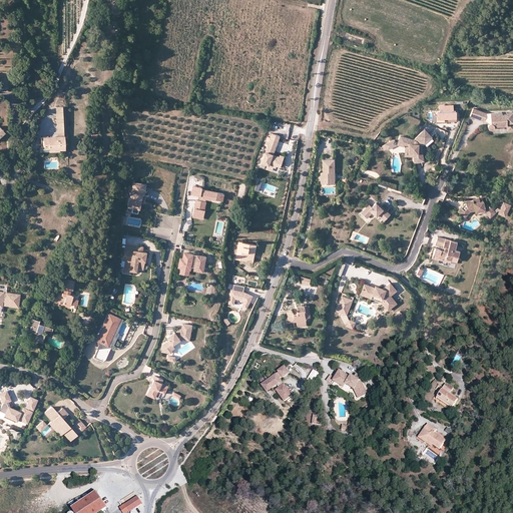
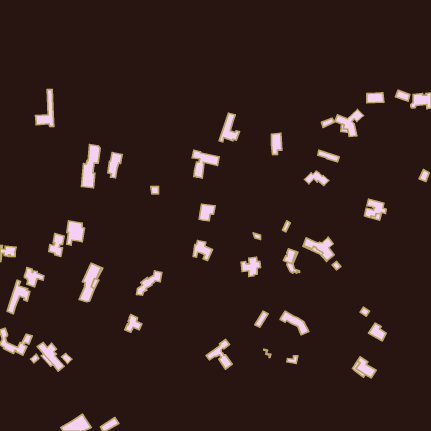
building: none -> [82,144,100,188]
building: [191,186,223,219] -> [192,150,219,178]
building: [458,196,495,216] -> none
building: [125,244,146,274] -> [67,221,85,245]
building: [178,253,205,274] -> none
building: none -> [7,280,30,314]
building: [261,366,292,401] -> [206,340,232,369]

